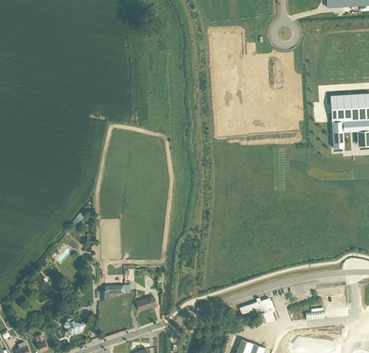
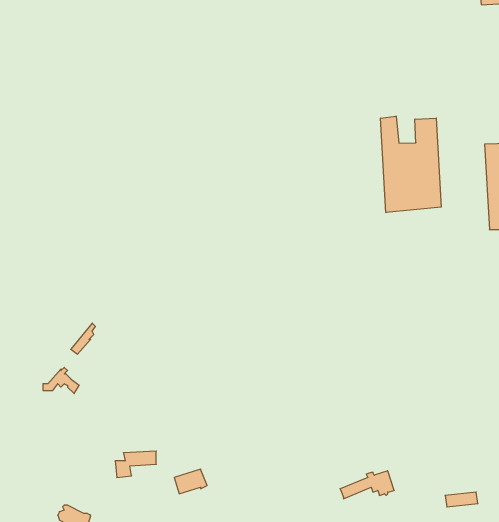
building: none -> [381,116,441,213]

